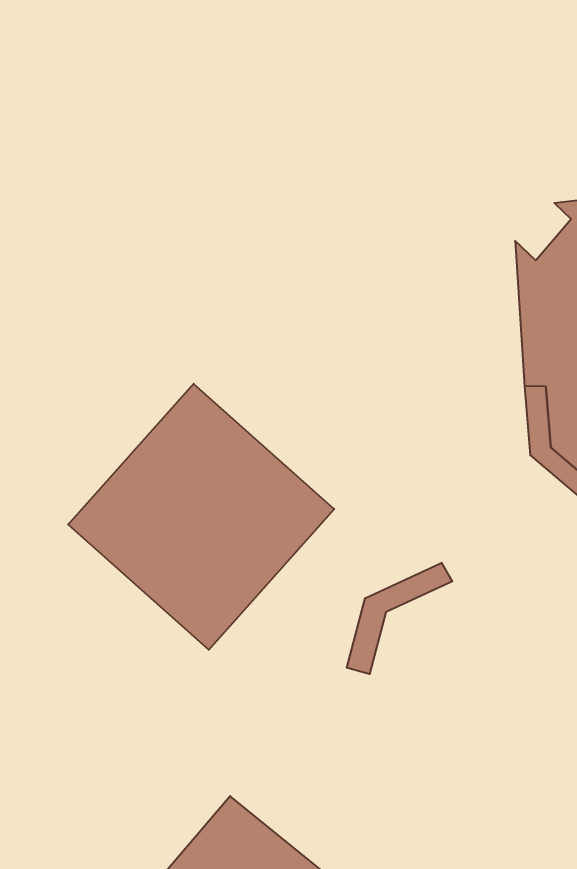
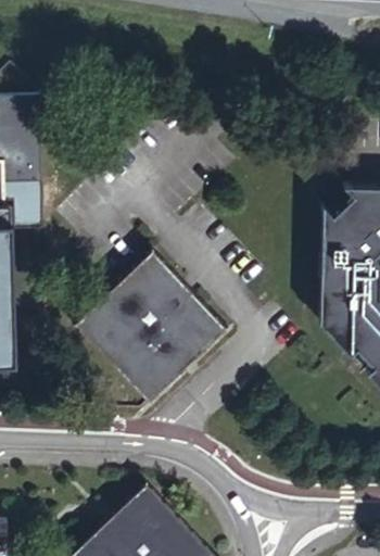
building: [347,563,452,674] -> none

